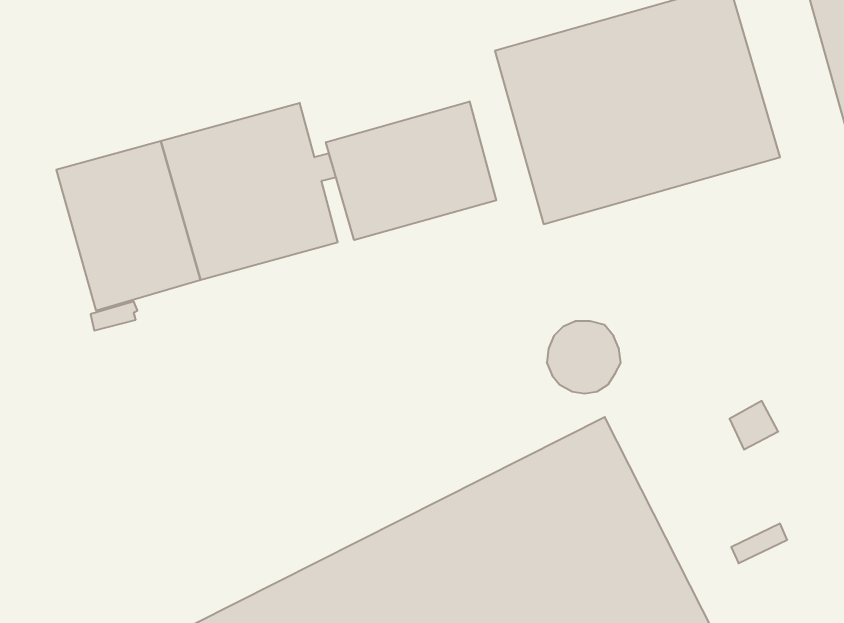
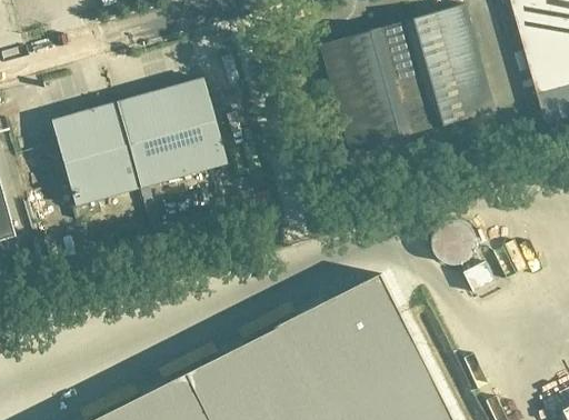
building: [326,101,496,240] -> none
building: [547,321,621,393] -> [429,222,475,267]

